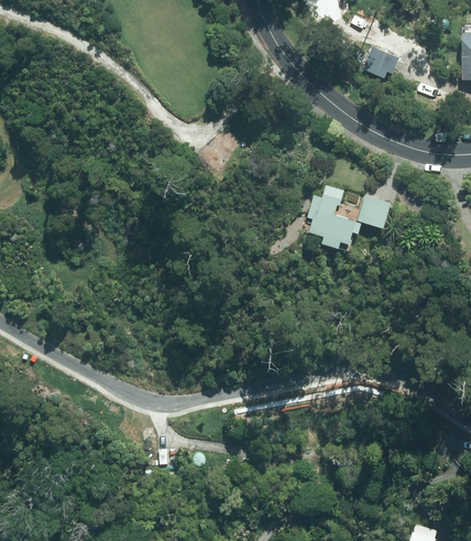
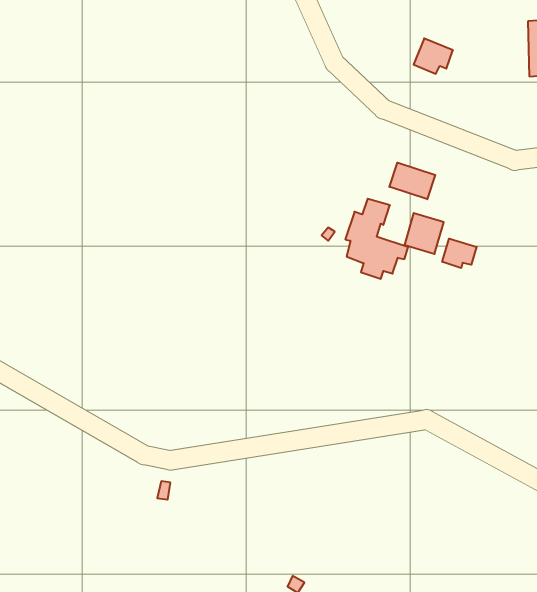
building: none -> [389,163,435,199]
building: none -> [442,239,477,268]

